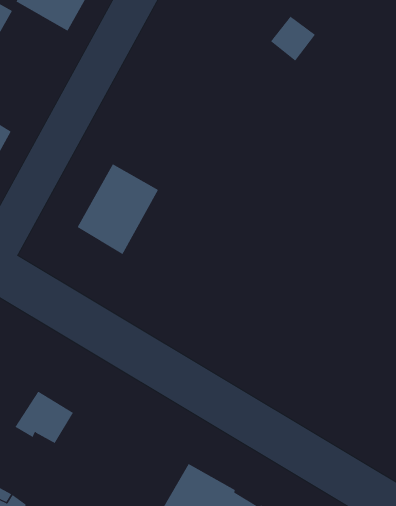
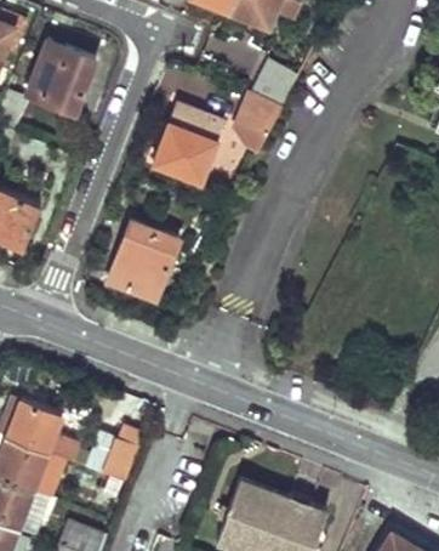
building: none -> [155,107,226,184]
building: none -> [240,96,283,149]

